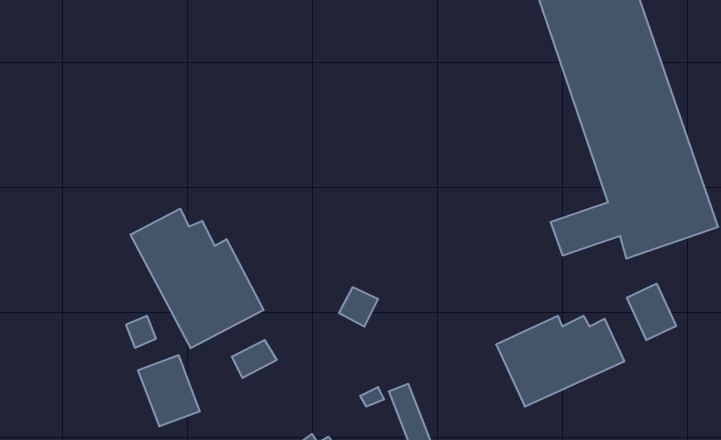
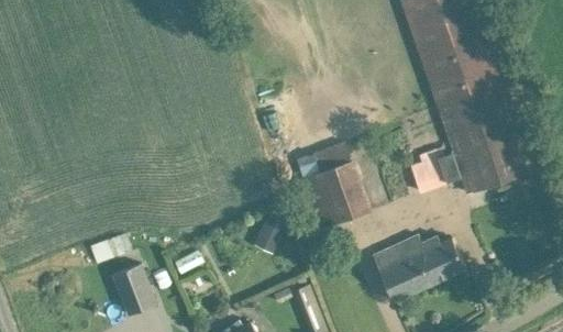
building: none -> [302,143,368,229]
building: [130,209,264,348] -> none
building: [627,284,676,340] -> none

